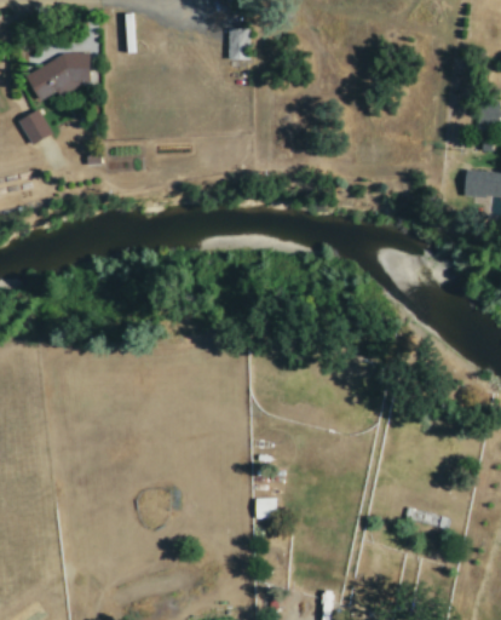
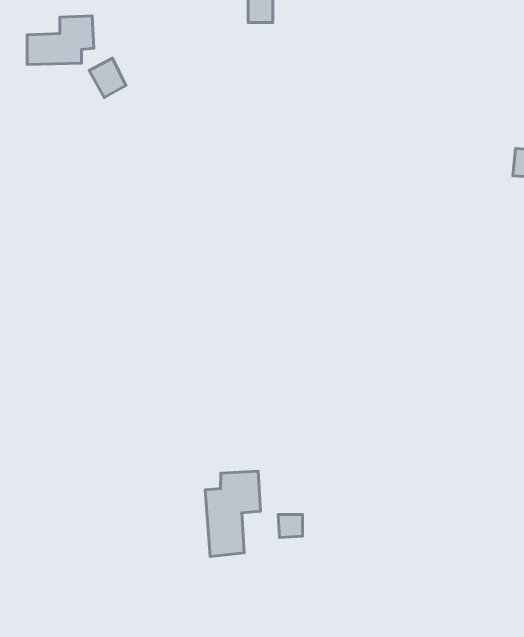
building: [18,110,51,145] -> [89,58,126,98]
building: none -> [205,471,260,556]

